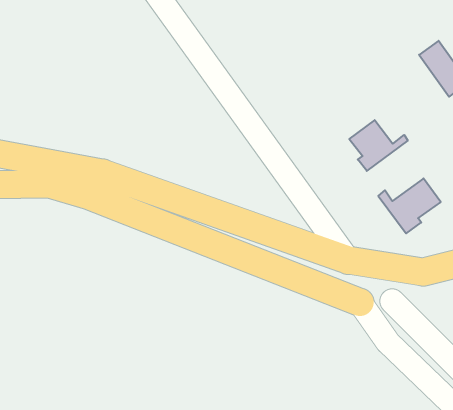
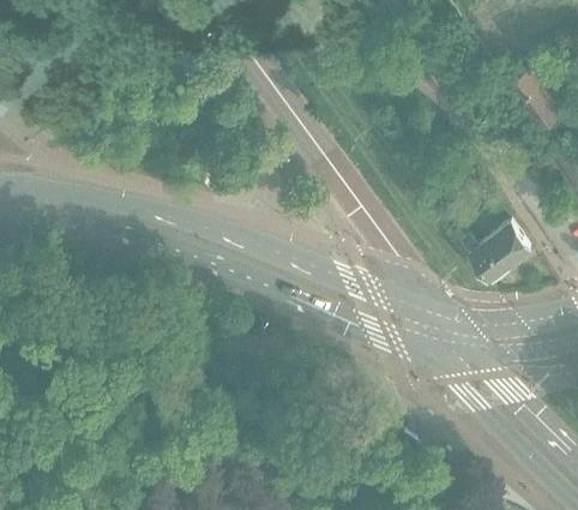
building: [349,120,408,171] -> none

